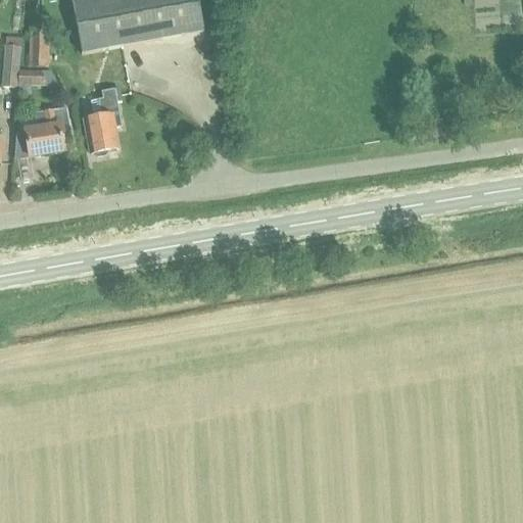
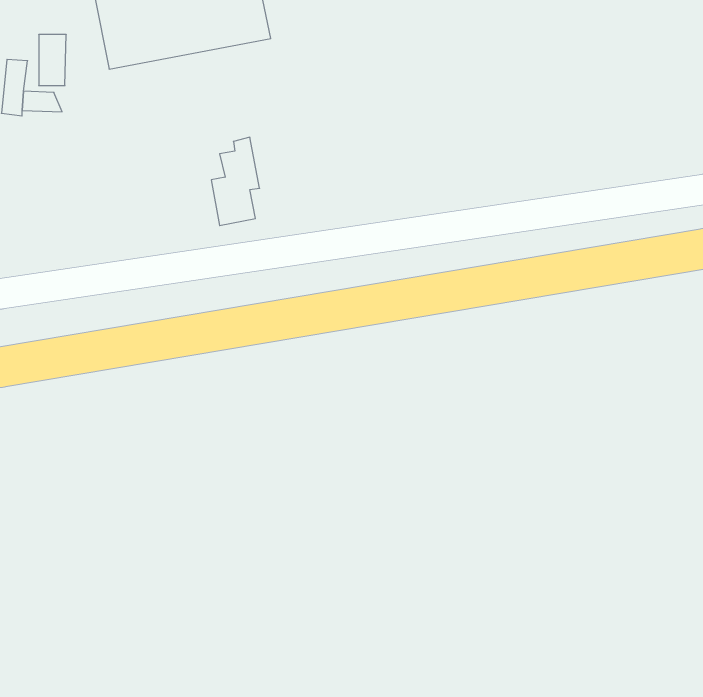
building: [85,86,121,151] -> [211,137,260,226]
building: [14,104,73,156] -> none

